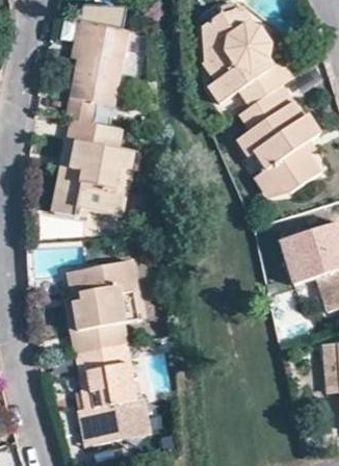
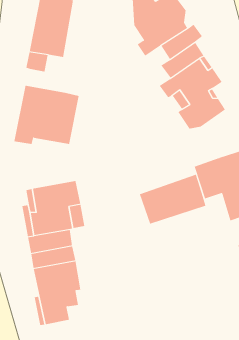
building: [66,119,121,149] -> none
building: none -> [139,174,206,225]

